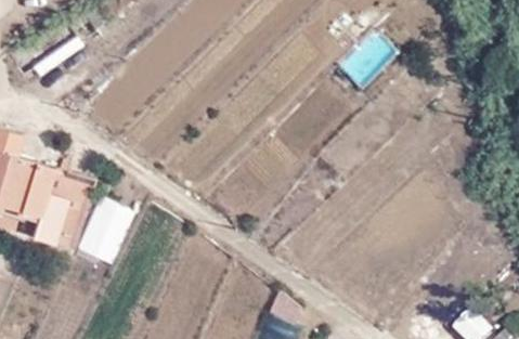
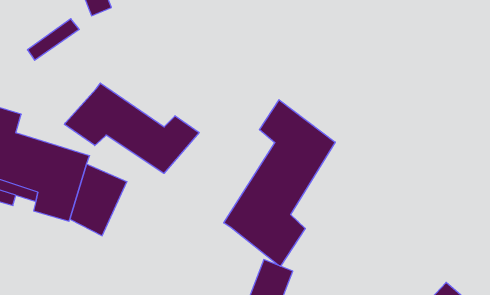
building: none -> [64,83,199,173]
building: none -> [224,100,335,266]

